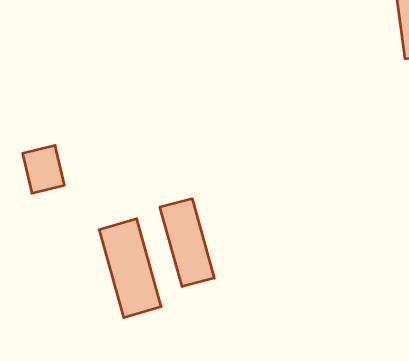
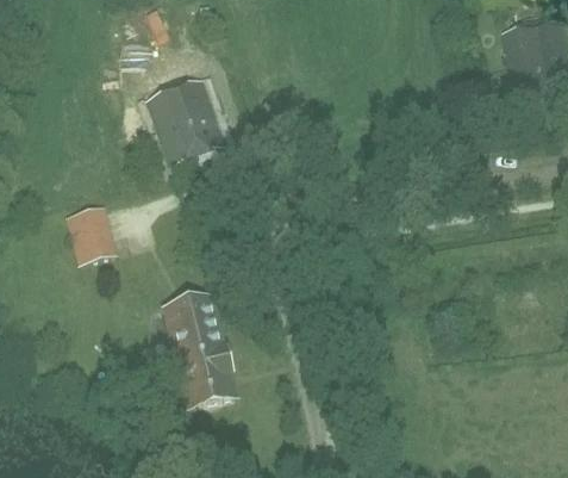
building: none -> [152,82,216,161]
building: [160,199,214,287] -> none

